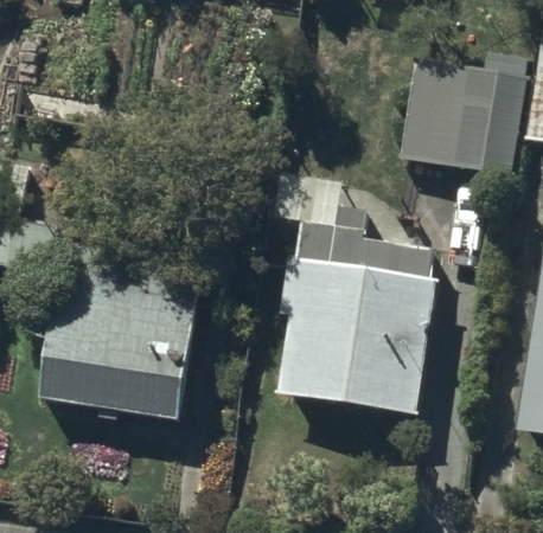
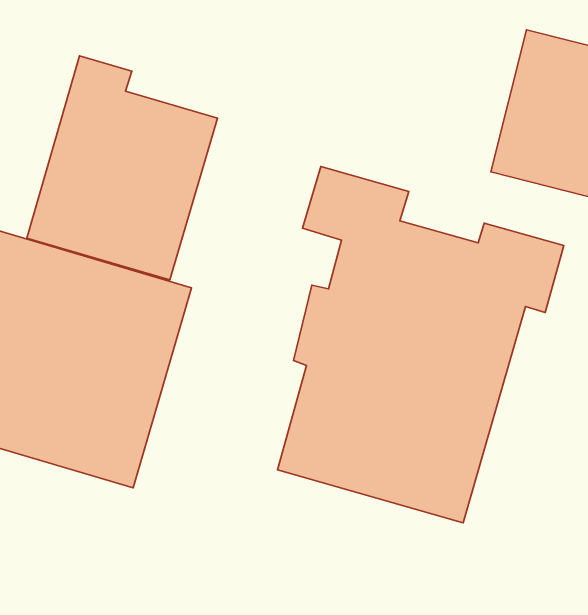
building: none -> [27,56,217,280]

